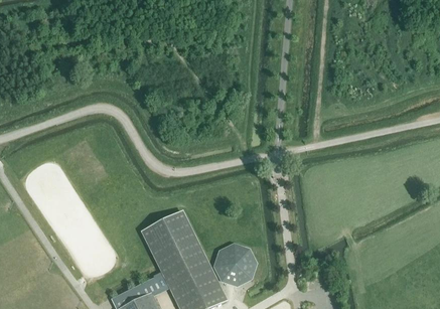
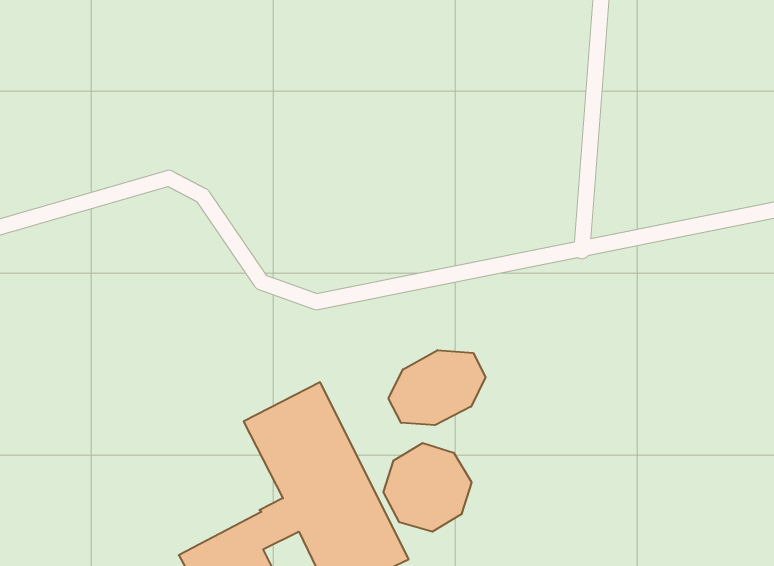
building: none -> [389,350,485,425]

